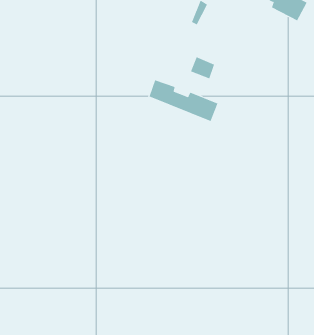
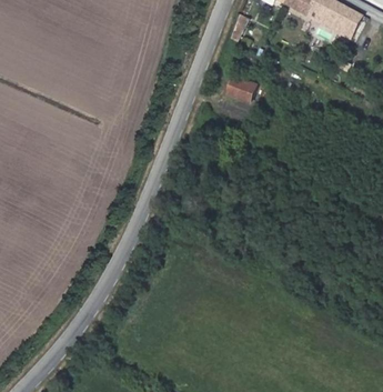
building: [149,79,218,122] -> none

